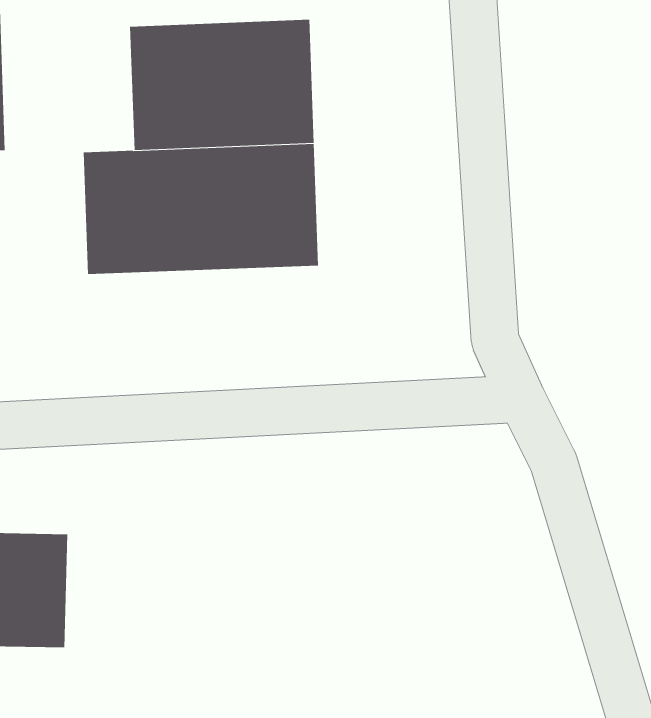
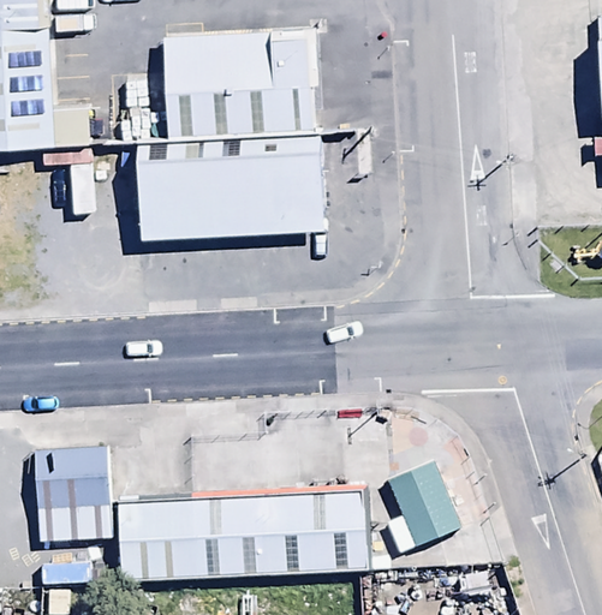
building: none -> [383,459,458,550]
building: none -> [135,494,372,577]

